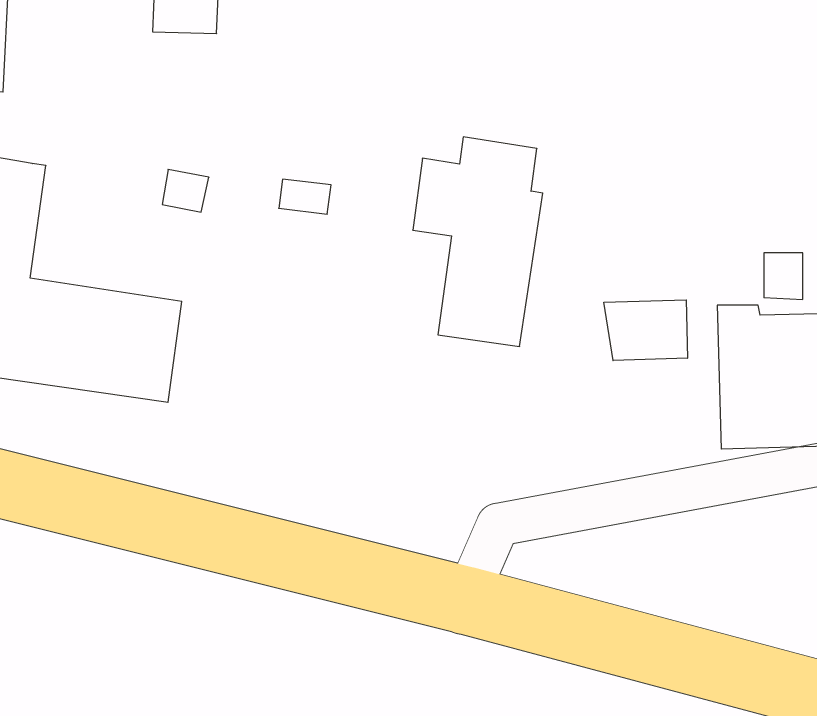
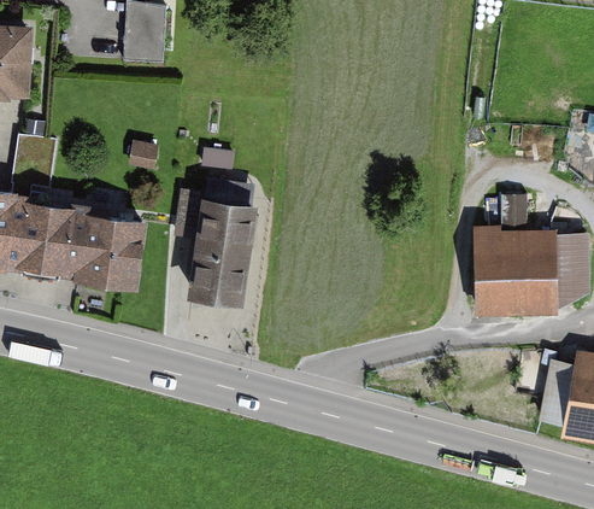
building: [413,137,543,346] -> [176,176,257,306]
building: [604,300,687,361] -> none

